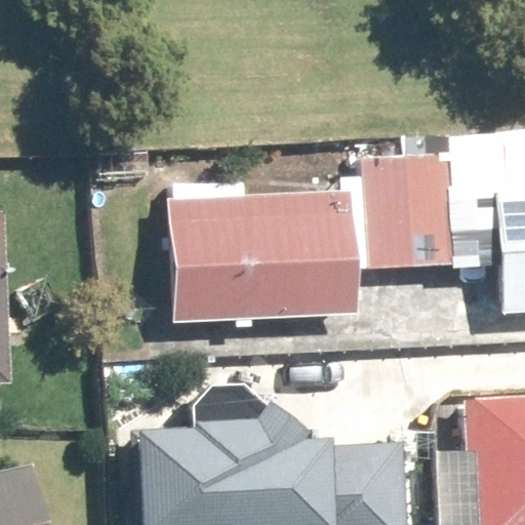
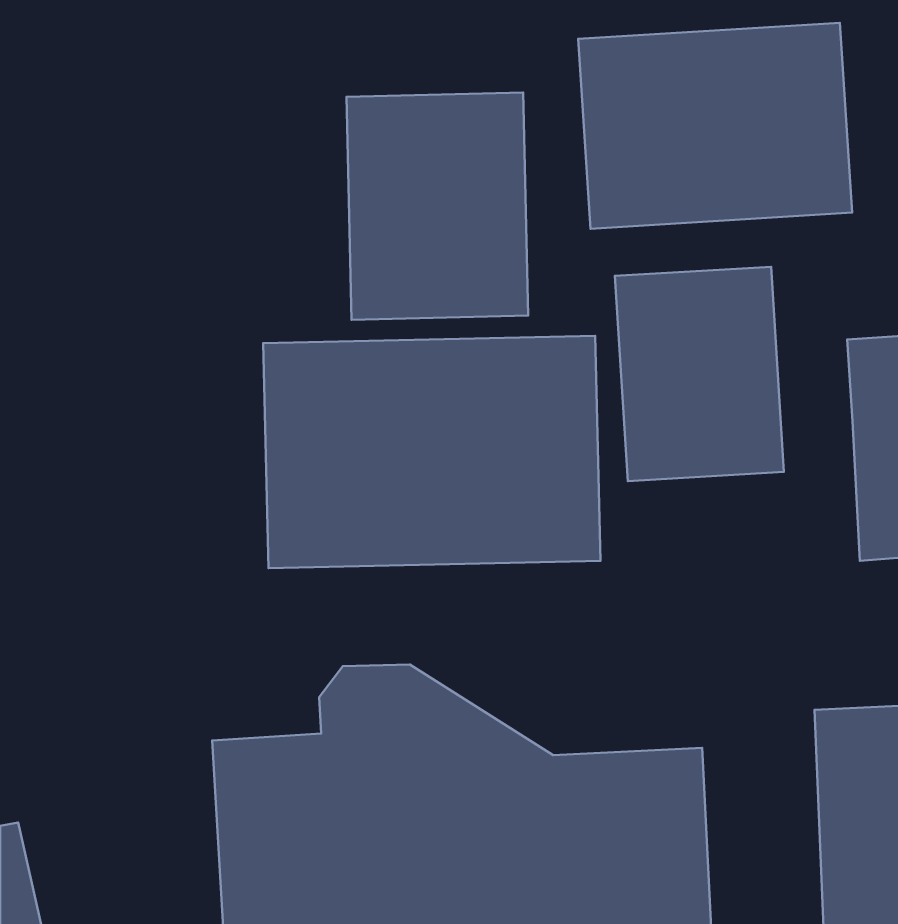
building: none -> [578,23,852,229]
building: none -> [347,92,528,320]

